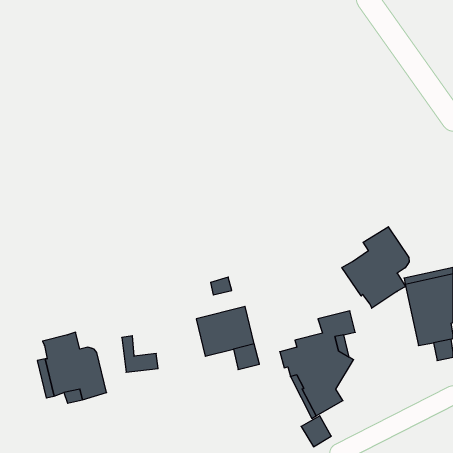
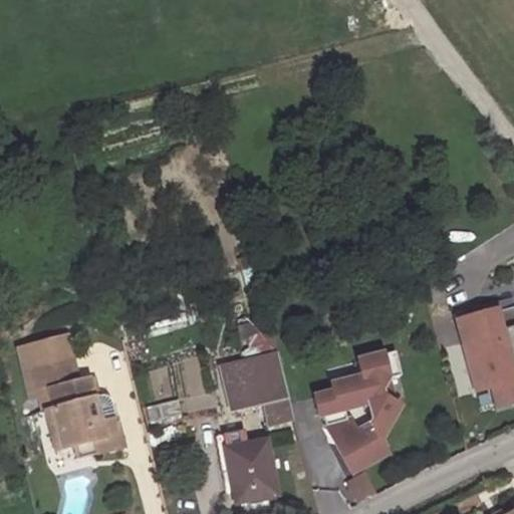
building: [342,227,409,308] -> none
building: none -> [16,334,76,397]
building: none -> [221,432,276,496]

